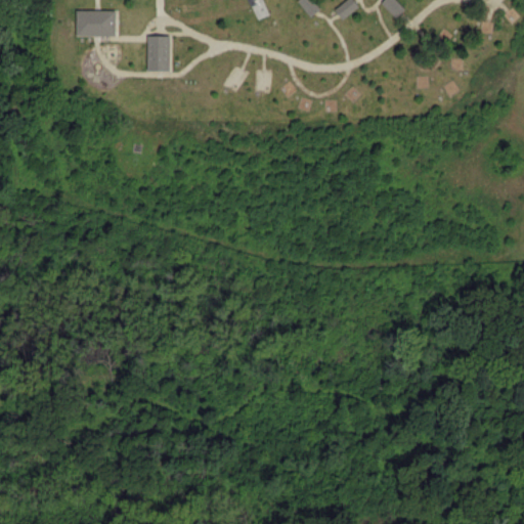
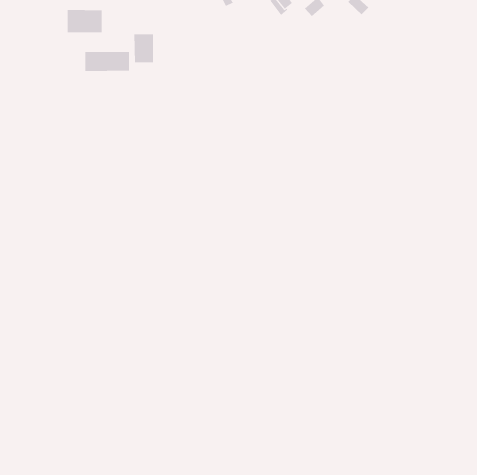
building: none -> [85,51,130,72]

